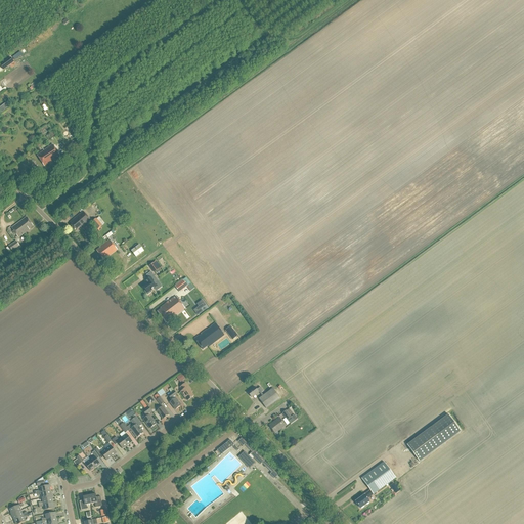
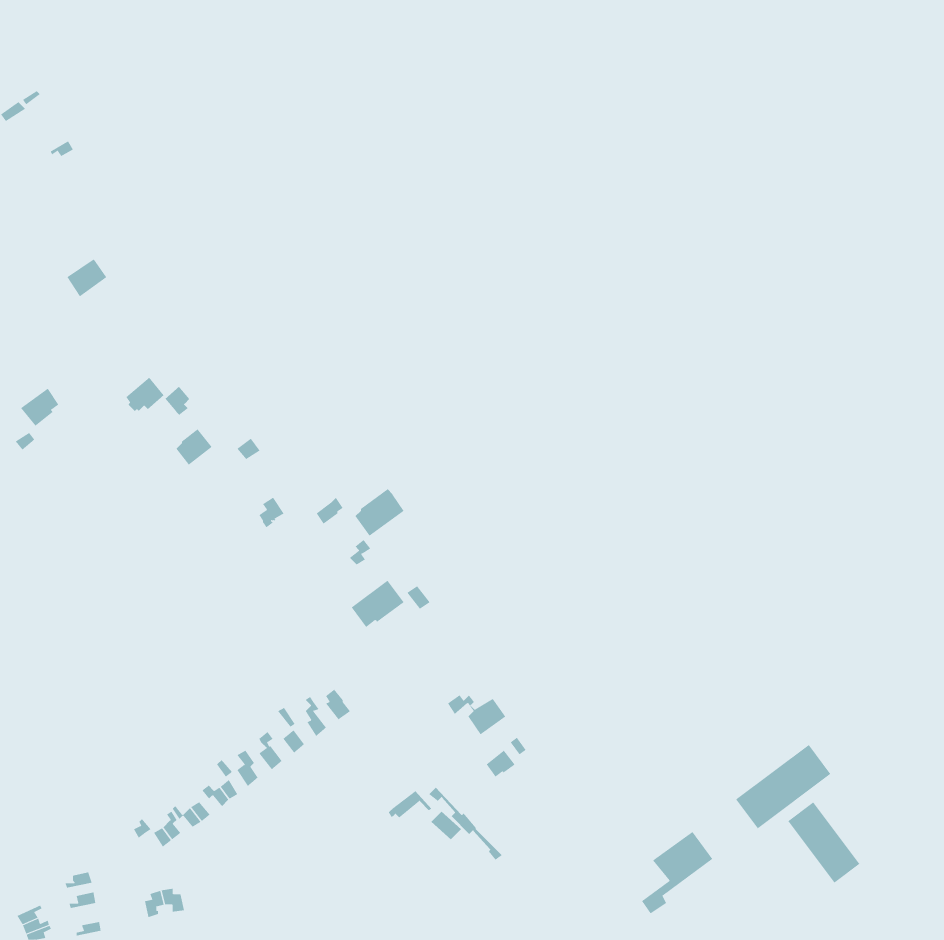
building: [158,295,185,321] -> [354,489,404,537]
building: none -> [787,802,860,883]

